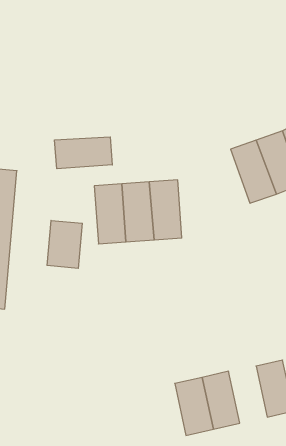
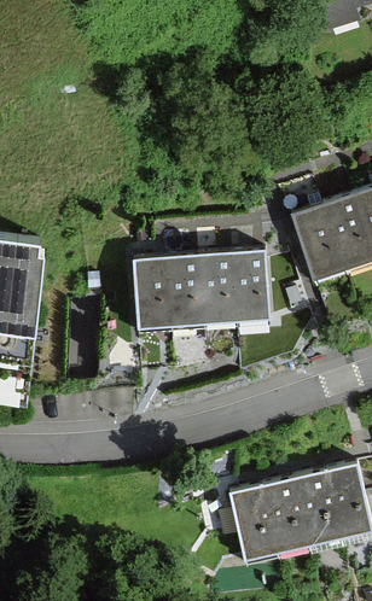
building: [55,137,112,169] -> none
building: none -> [232,249,269,320]
building: [47,220,82,268] -> none
building: none -> [292,472,338,539]

